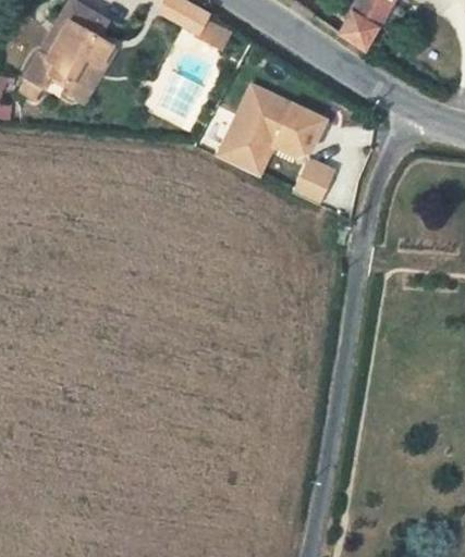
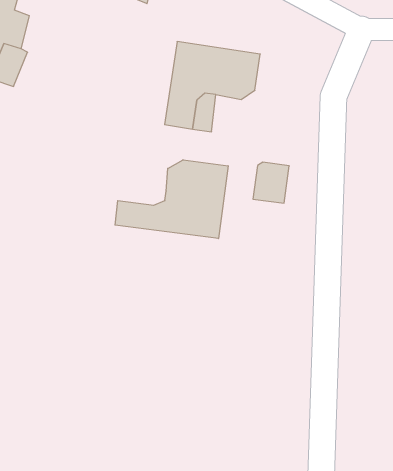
building: [296,158,335,199] -> [253,162,289,203]
building: none -> [115,160,228,239]

